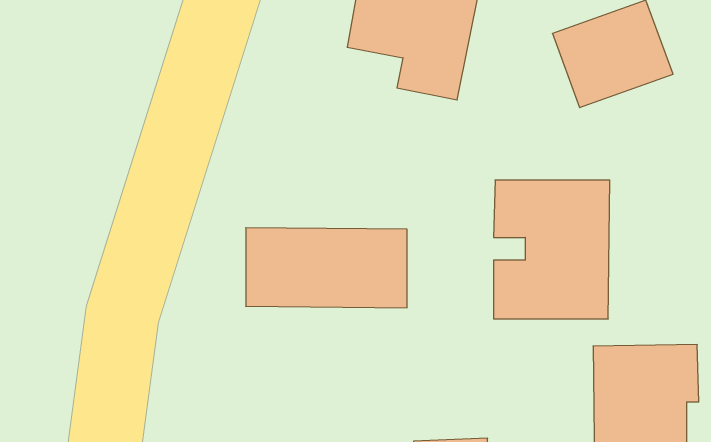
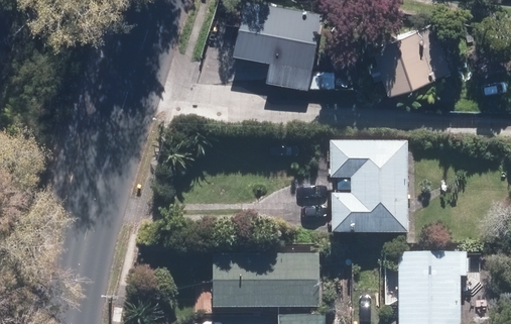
building: [246,228,407,308] -> [212,253,320,307]

